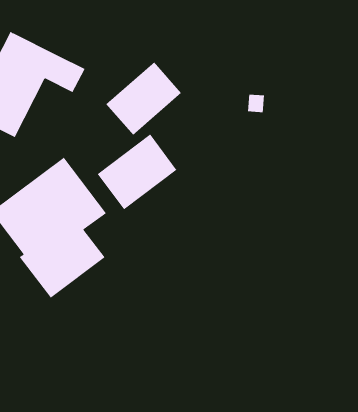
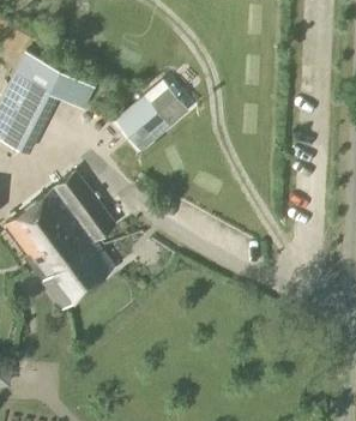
building: [97,134,177,210] -> none

